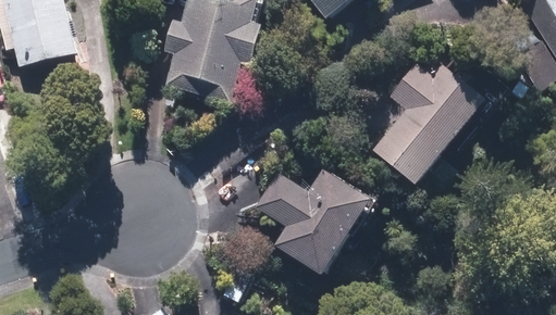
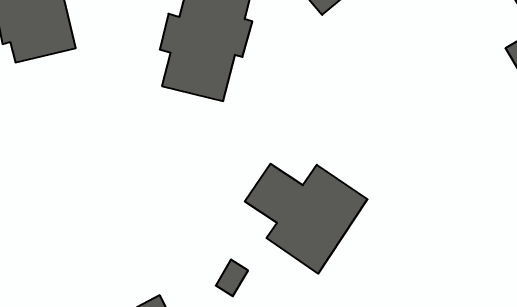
building: [371,54,482,181] -> none

